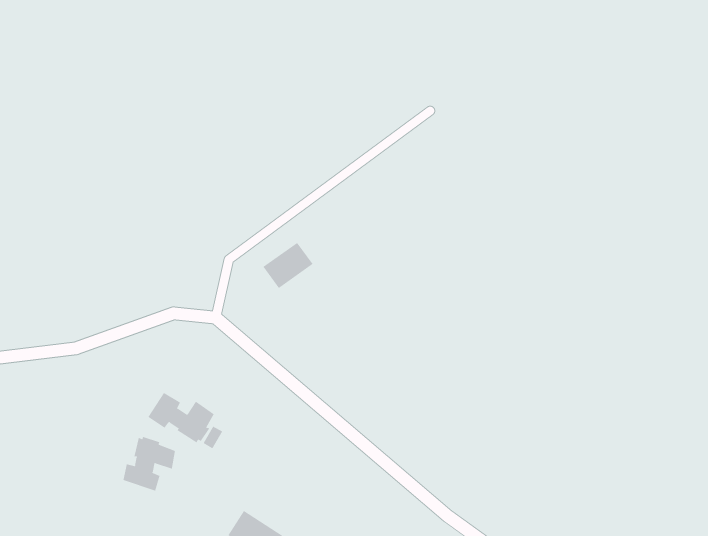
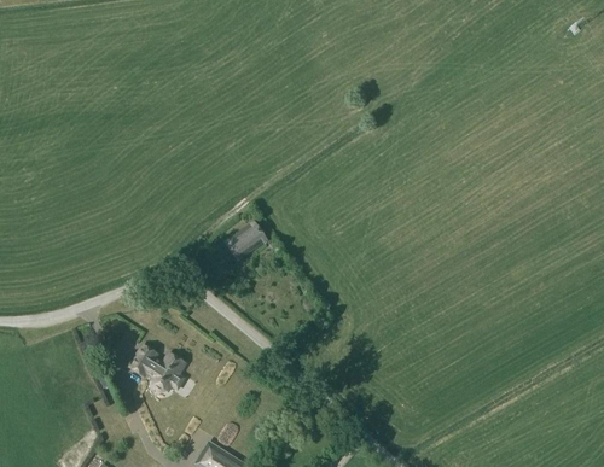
building: [123,436,176,491] -> none

